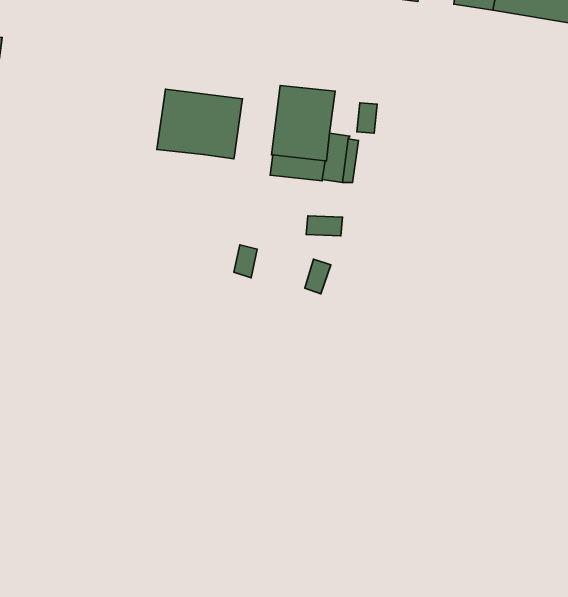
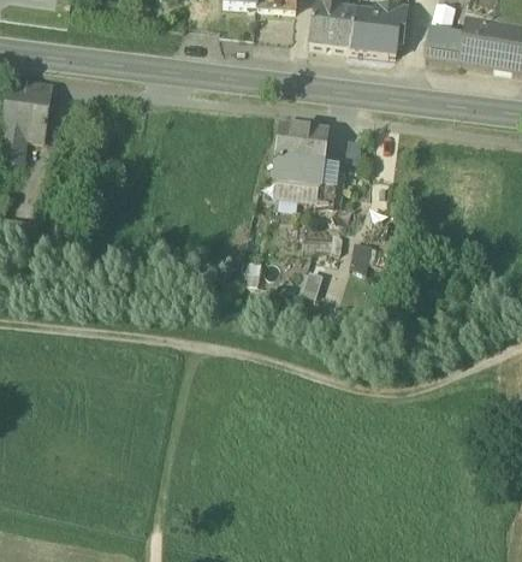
building: [157,89,242,159] -> none

